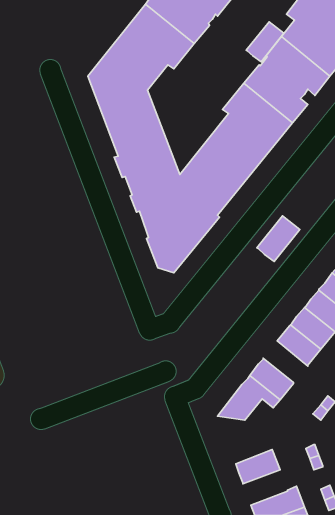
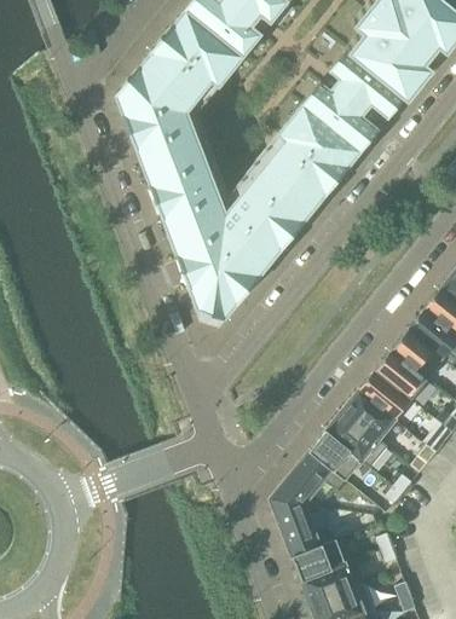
building: [246,22,284,62] -> none
building: [257,216,300,261] -> none
building: none -> [327,410,389,468]
building: none -> [272,499,337,556]
building: none -> [302,563,356,606]

